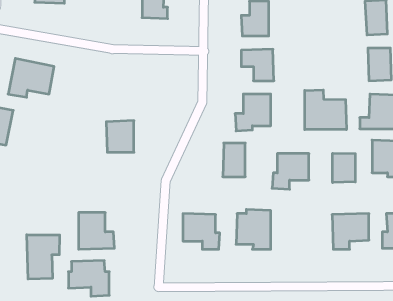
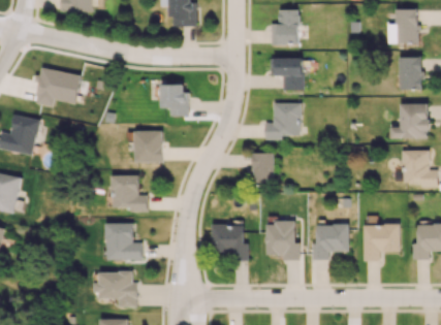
building: none -> [161,85,188,116]
building: [305,90,346,130] -> none
building: [333,153,355,183] -> none
building: [272,154,309,189] -> [312,224,349,260]
building: none -> [112,174,148,212]
building: [27,235,60,279] -> none

